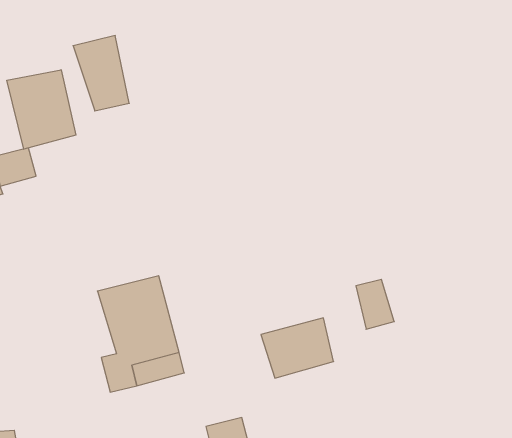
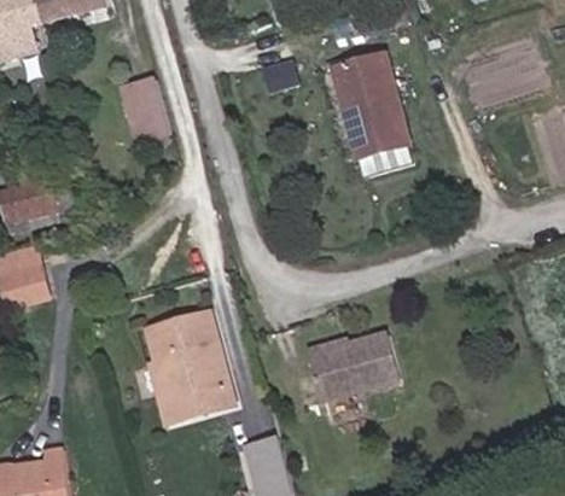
building: none -> [333,53,414,163]
building: [7,70,76,149] -> none
building: [356,279,394,329] -> [359,337,395,384]

